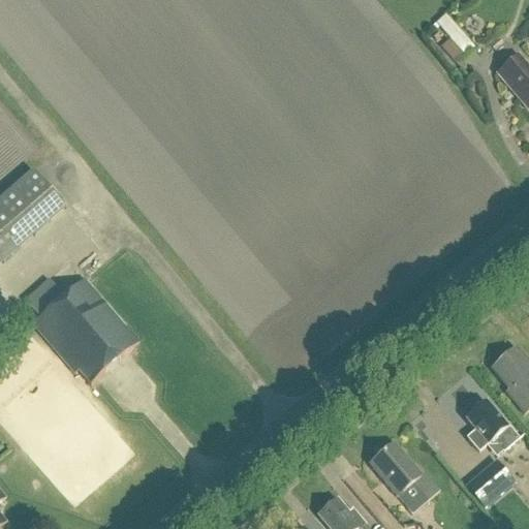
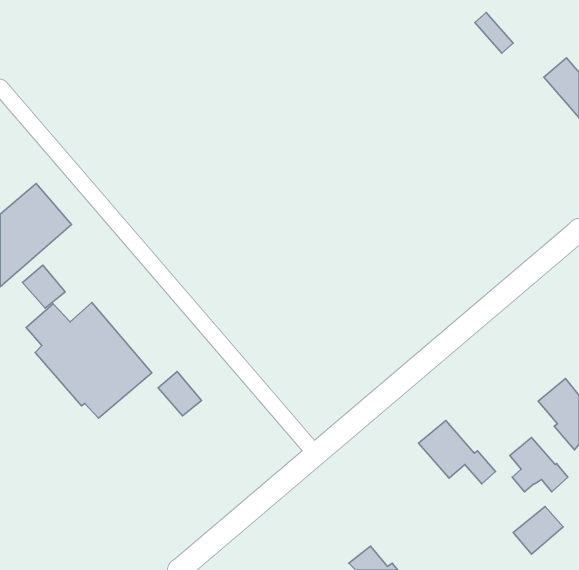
building: none -> [23,265,65,308]
building: none -> [158,372,201,416]
building: [369,441,439,499] -> [419,420,496,484]

